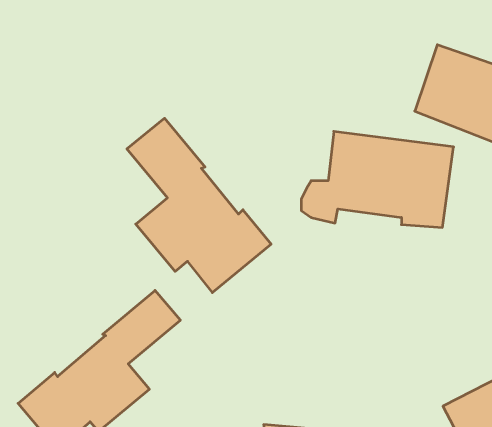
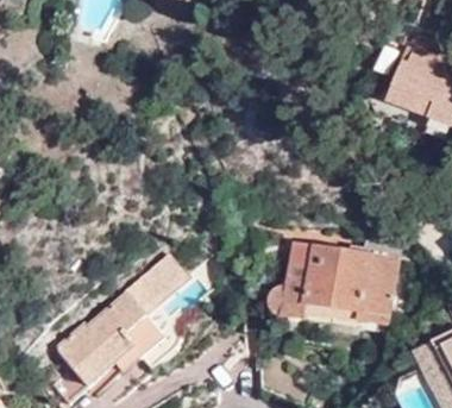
building: [127,118,271,293] -> none
building: [301,131,454,227] -> [263,244,391,325]

